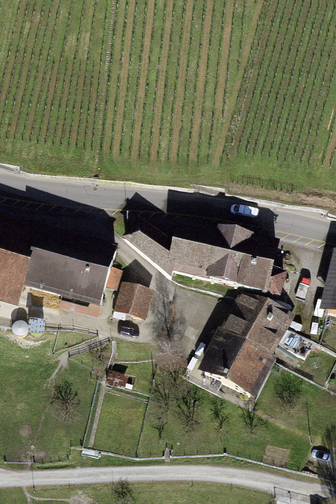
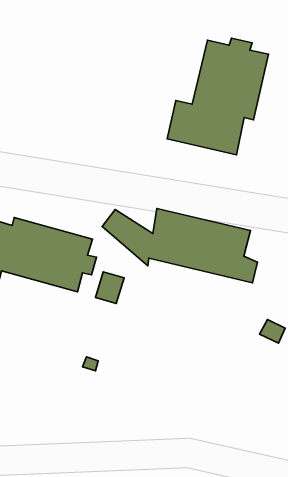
building: none -> [167,38,269,155]
building: [203,293,287,394] -> none

